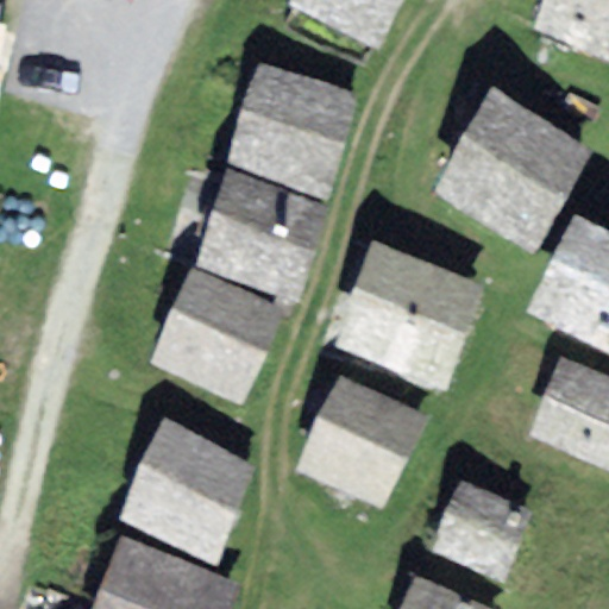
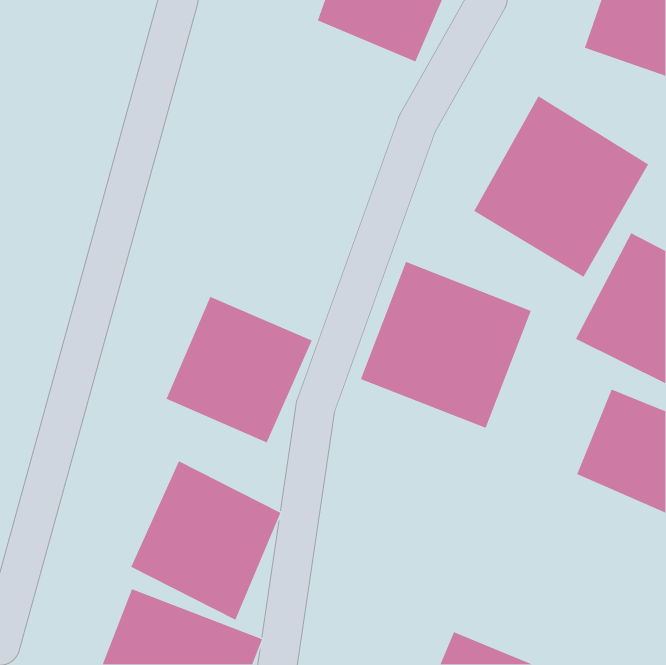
building: [226,63,359,199] -> none
building: [196,174,327,300] -> none
building: [296,375,428,508] -> none
building: [431,481,533,580] -> none

